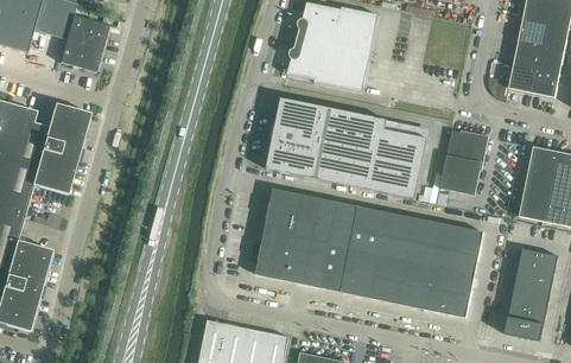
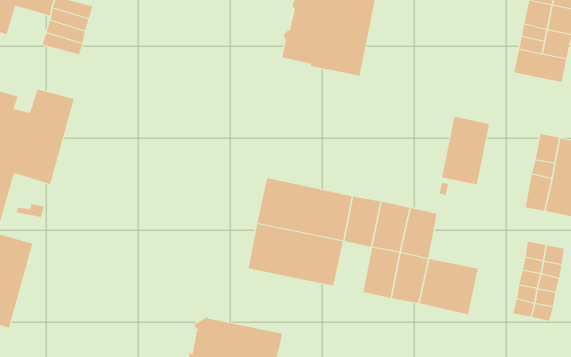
building: [266,97,418,197] -> none
building: [427,222,483,274] -> none
building: [337,248,373,297] -> none
building: [505,317,543,340] -> none

